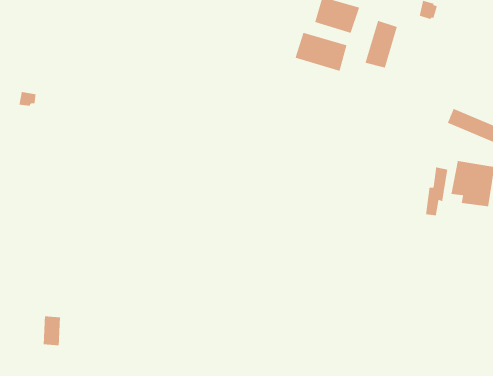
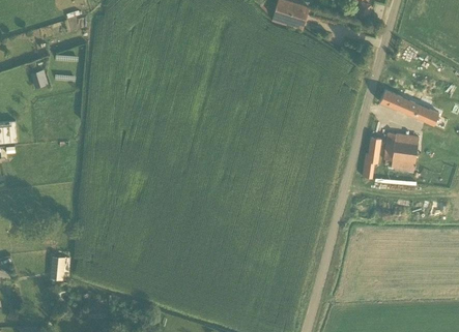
building: [365,20,398,69] -> none
building: [295,32,347,72] -> none

